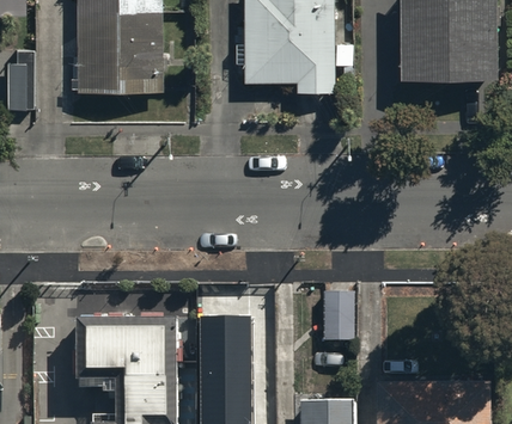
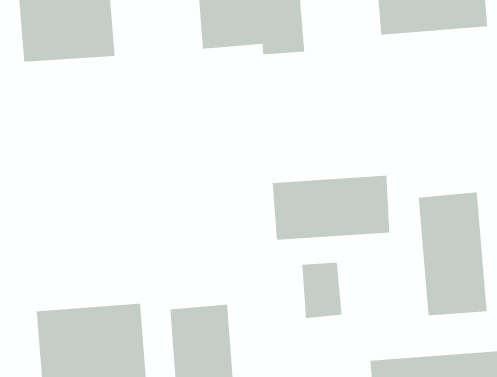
building: none -> [272,175,390,241]
building: none -> [418,192,487,316]

